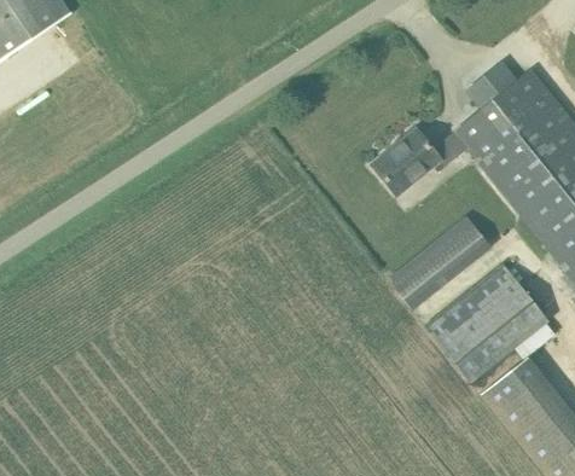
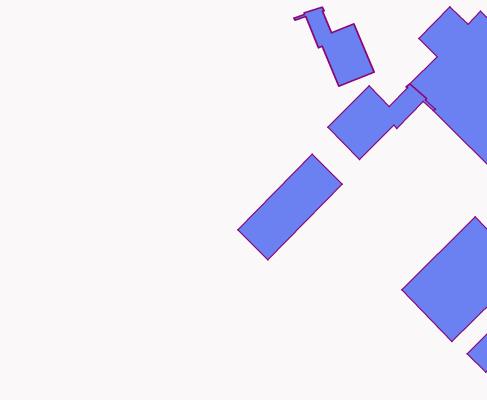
building: none -> [294,7,374,86]
building: [387,215,490,310] -> [238,154,342,260]

